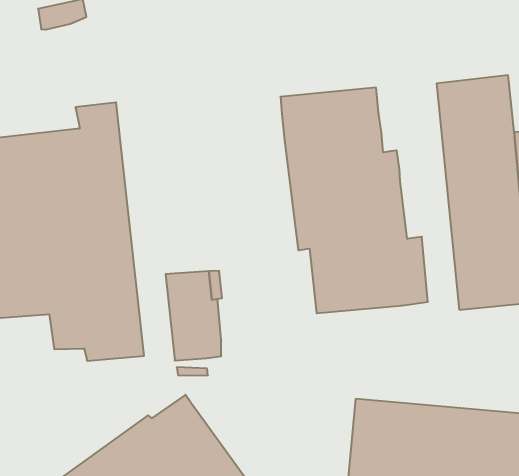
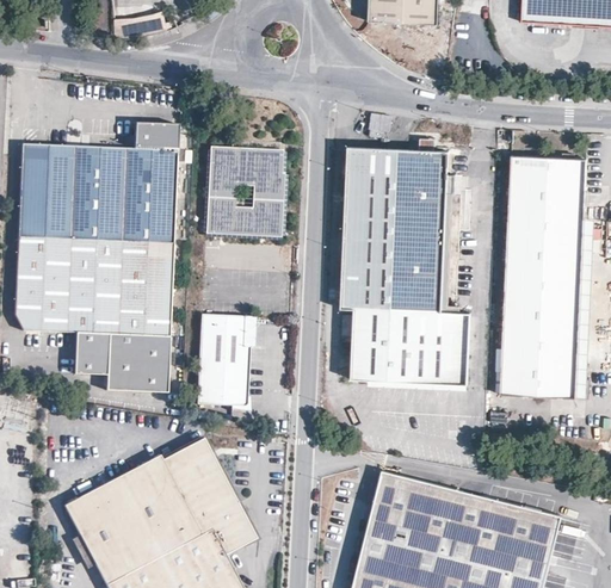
building: none -> [205,148,284,237]

